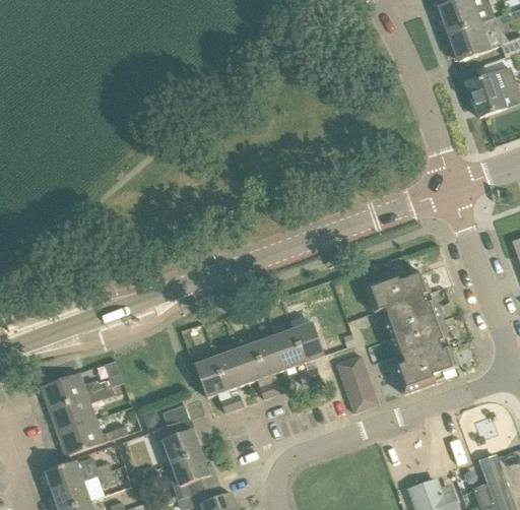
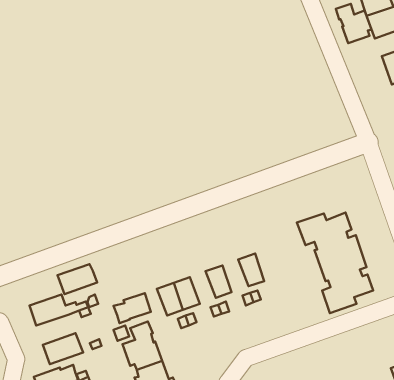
building: none -> [336,4,372,43]
building: [273,328,305,368] -> none
building: [234,342,265,382] -> none
building: [336,355,378,411] -> none
building: none -> [114,293,151,323]
building: [48,395,95,432] -> [58,264,97,294]

